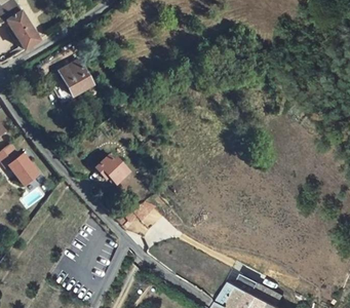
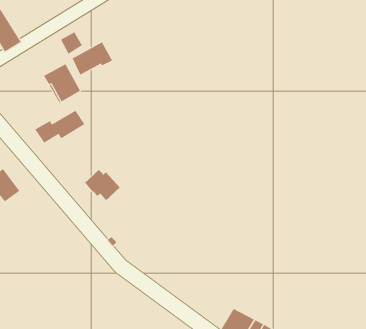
building: none -> [72,41,113,75]
building: none -> [34,110,85,144]

